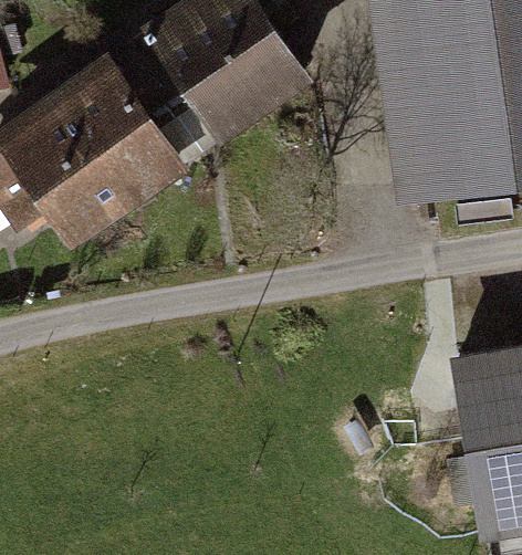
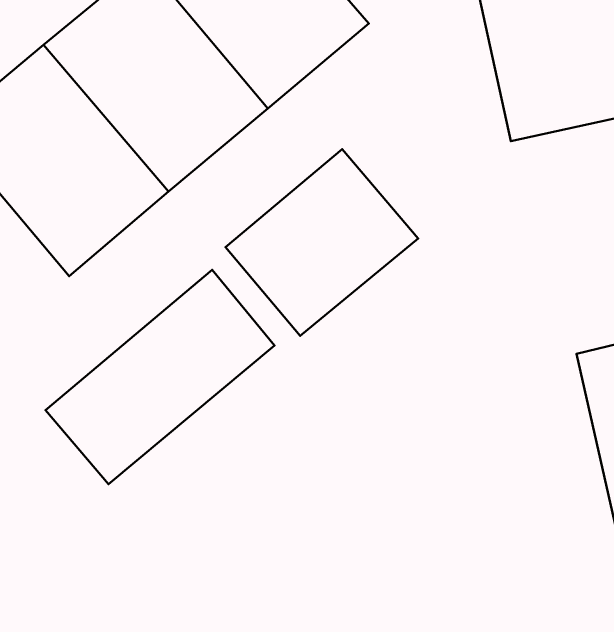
building: none -> [225,149,418,336]
building: none -> [45,270,275,484]

